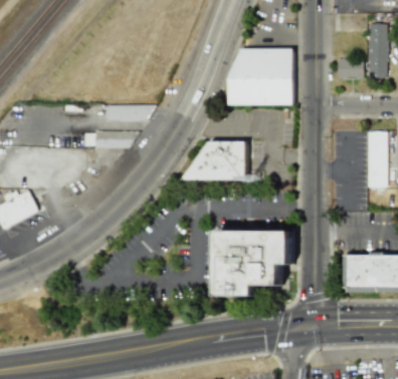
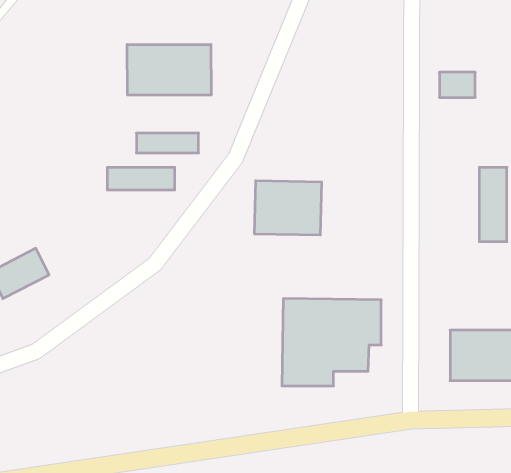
building: [366,22,386,77] -> none
building: none -> [127,44,211,95]
building: [228,48,293,105] -> none

